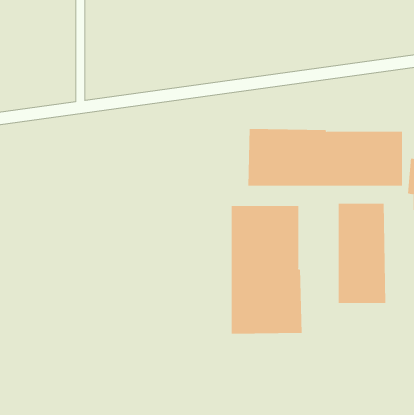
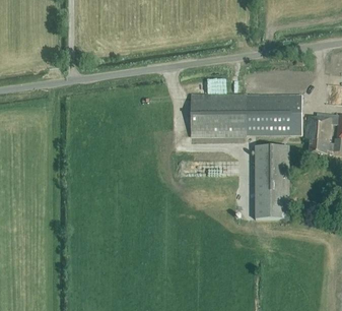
building: [231,205,302,335] -> none

